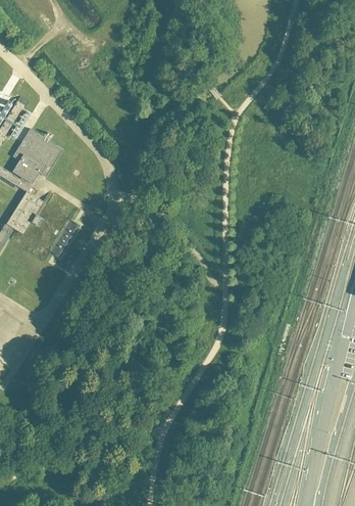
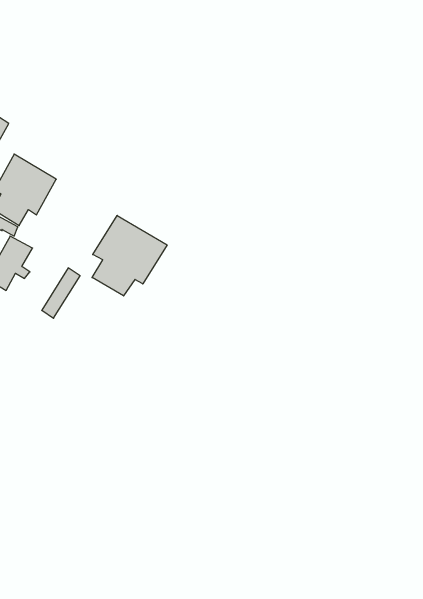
building: none -> [92,215,167,296]

